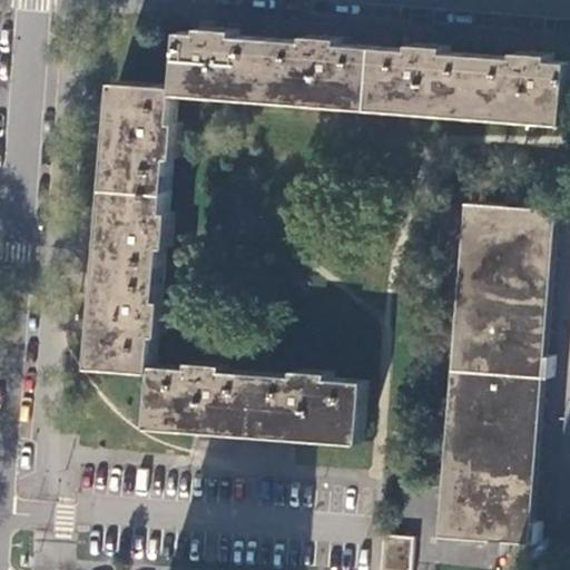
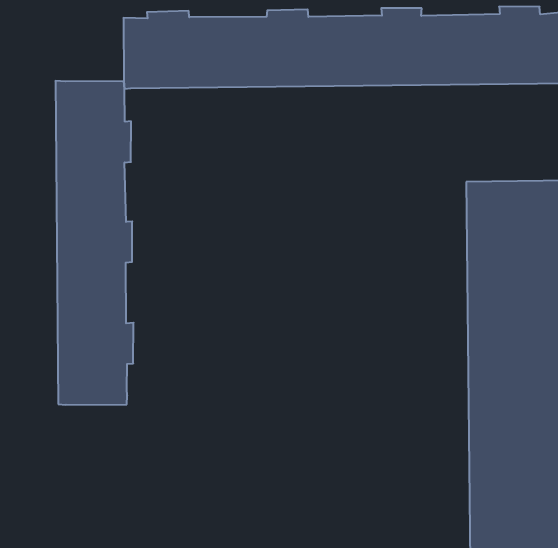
building: [142,363,358,445] -> none

